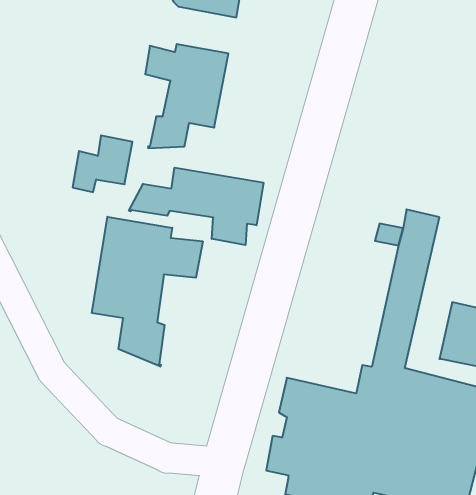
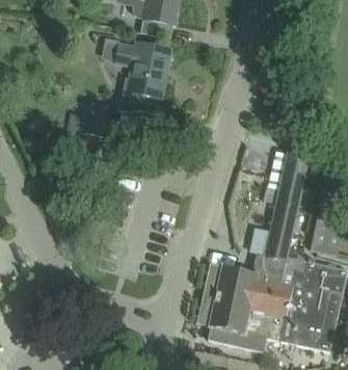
building: [129,168,263,245] -> none
building: [92,217,203,367] -> none

